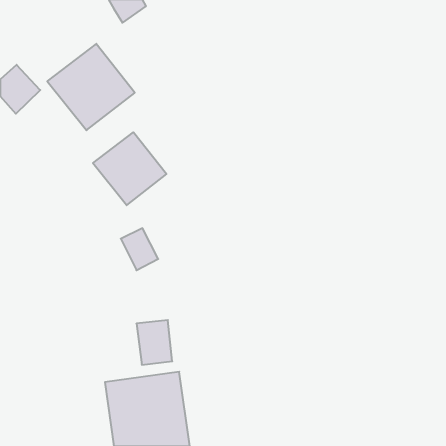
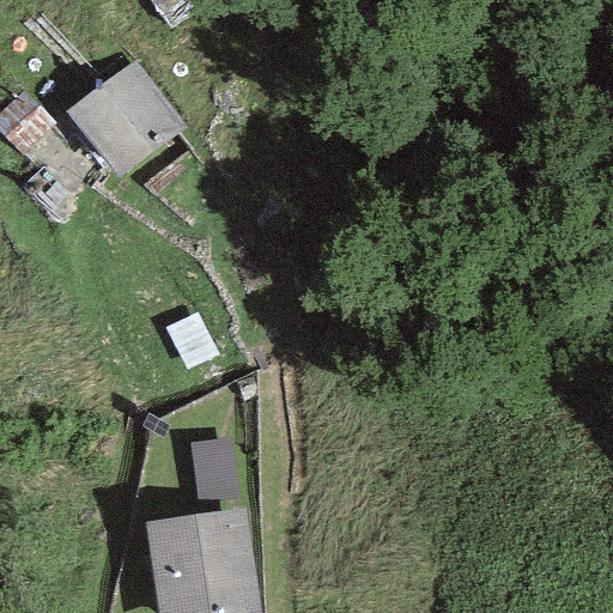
building: [93,132,166,205] -> none

